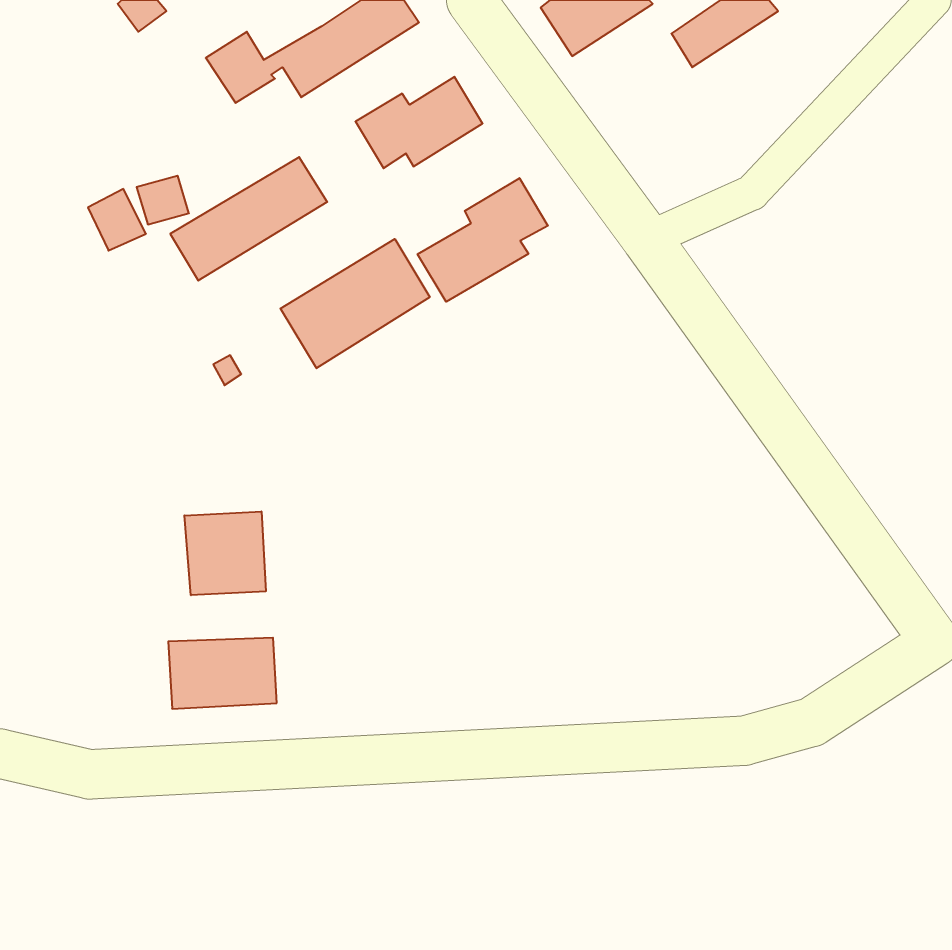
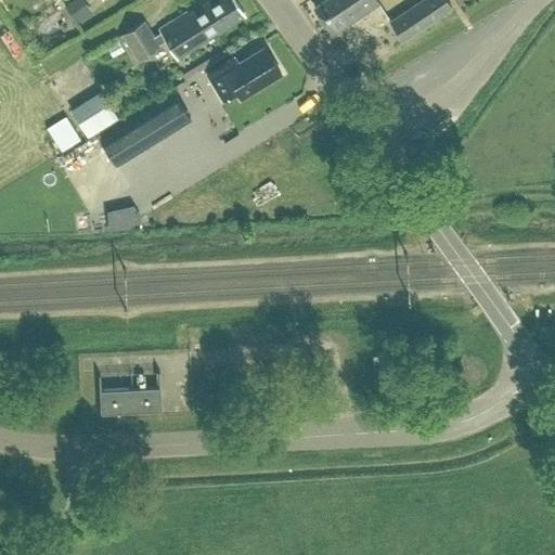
building: [418,178,548,302] -> none
building: [280,239,430,368] -> none
building: [184,511,266,595] -> none

